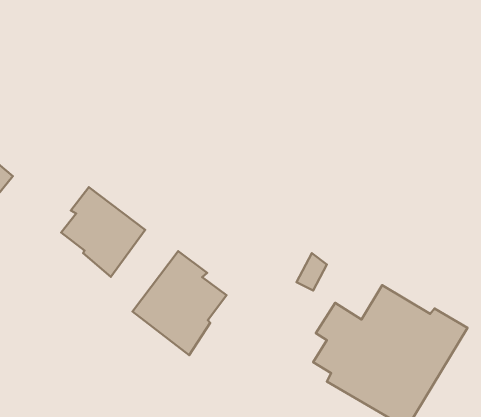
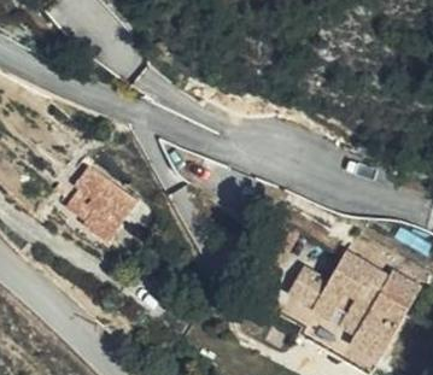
building: [133,251,226,355] -> none

